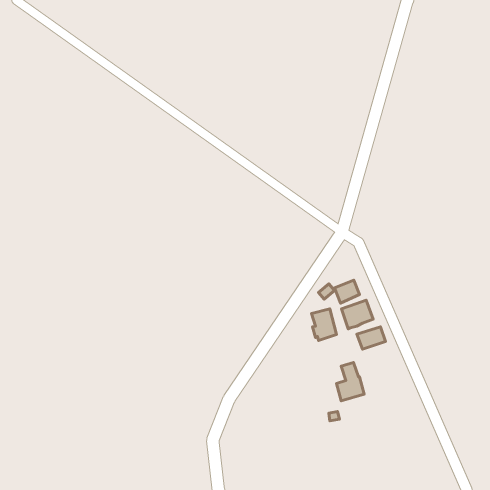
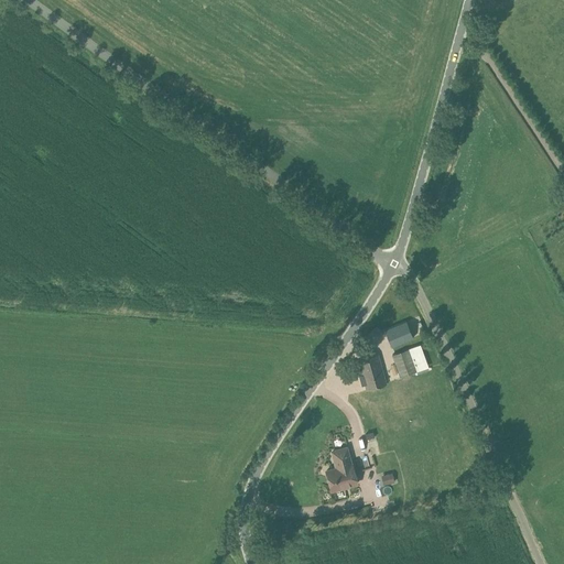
building: [357,327,385,349] -> none
building: [336,362,364,401] -> [326,447,358,491]

